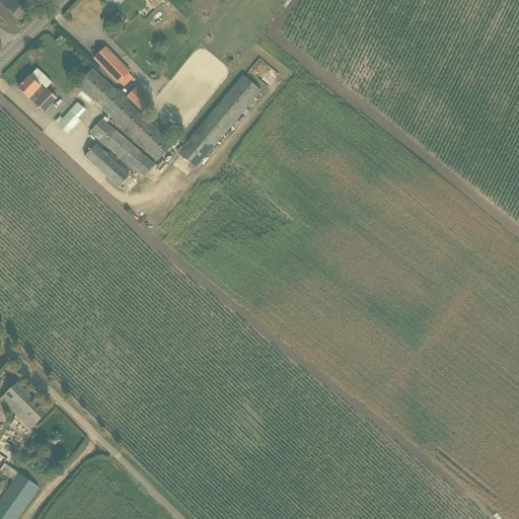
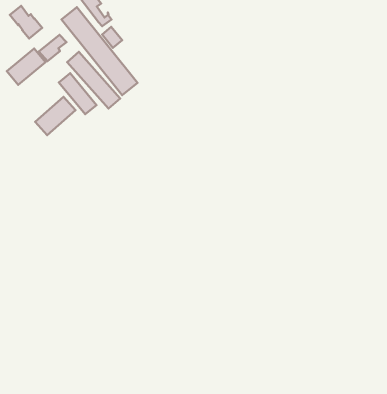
building: [178,75,261,166] -> none
building: none -> [7,48,46,85]
building: none -> [35,97,75,135]

